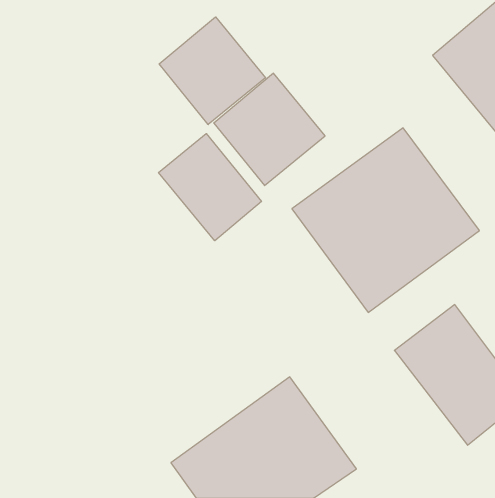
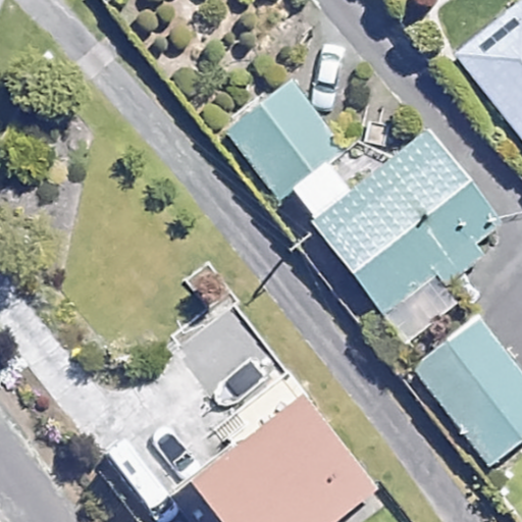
building: [159,17,266,125] -> none
building: [159,134,261,241] -> none

